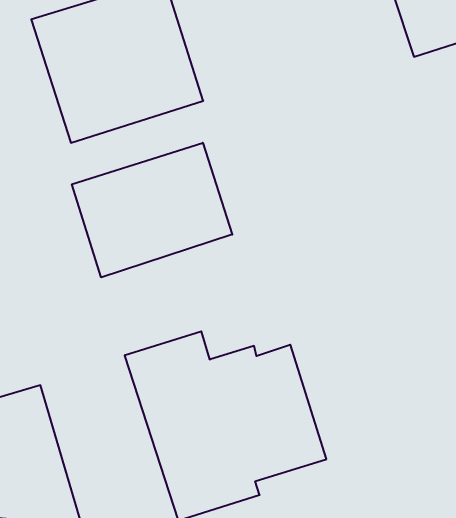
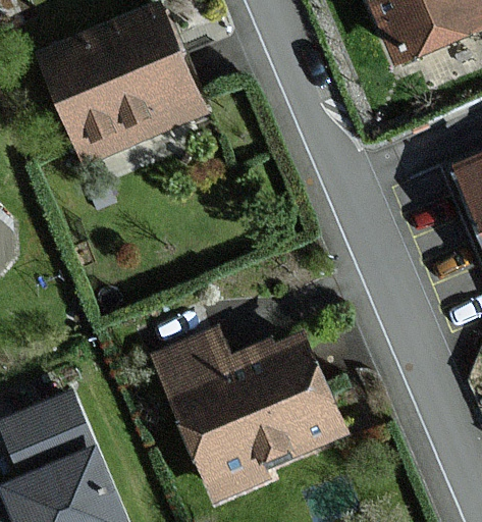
building: [72,143,232,277] -> none

